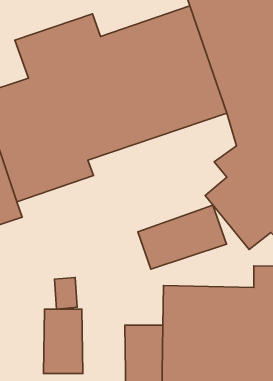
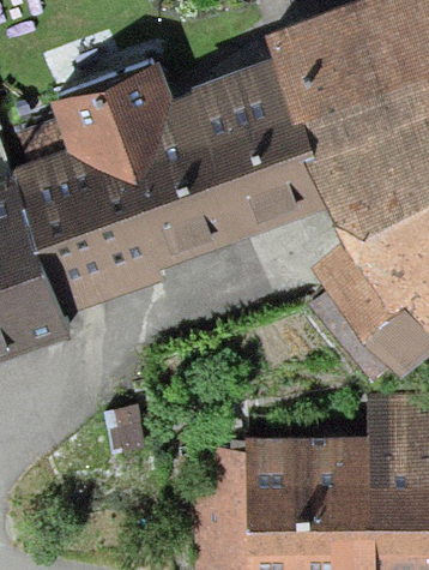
building: [138,205,226,269] -> none
building: [44,309,83,374] -> none

